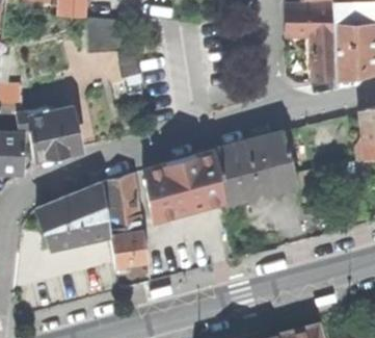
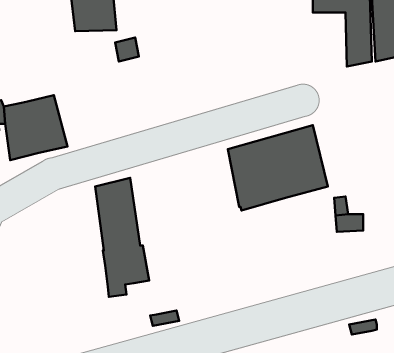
building: [145,150,224,217] -> none
building: [39,182,110,246] -> none

